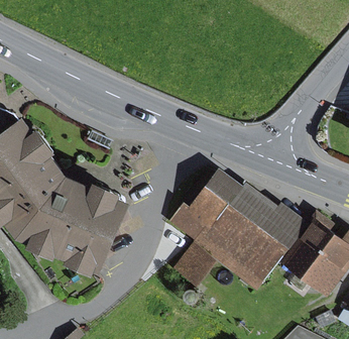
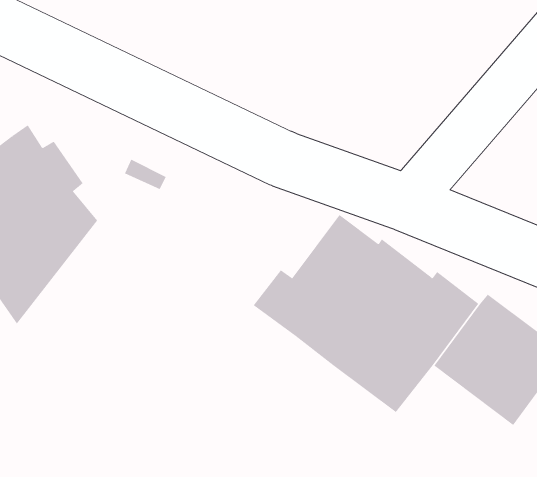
building: [17,172,131,271] -> none
building: [169,243,213,289] -> none

